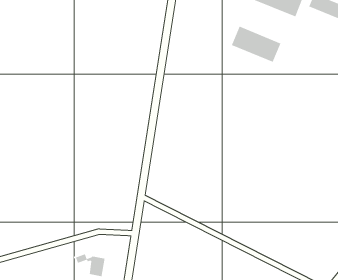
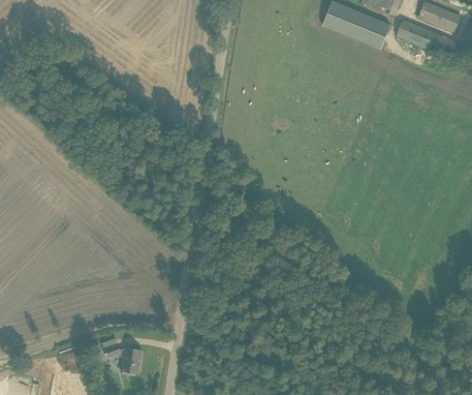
building: [231,26,282,63] -> none

